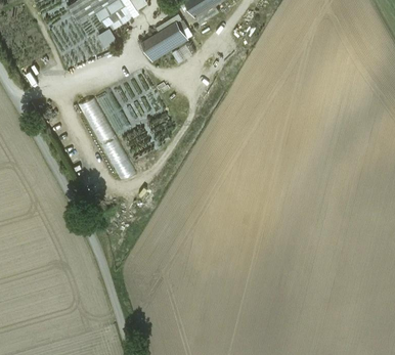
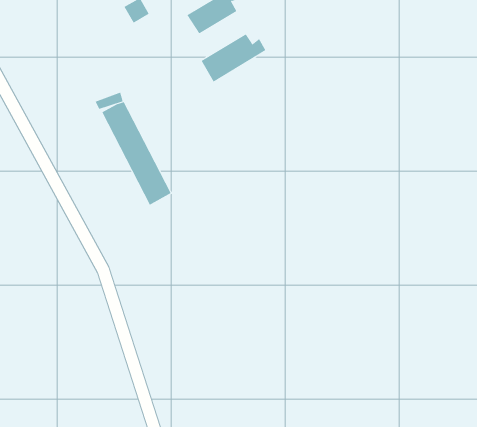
building: none -> [201,33,266,82]

